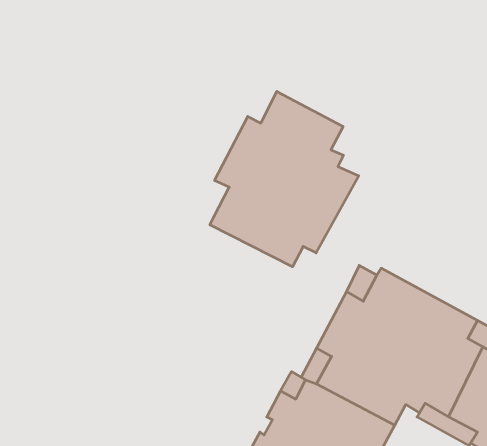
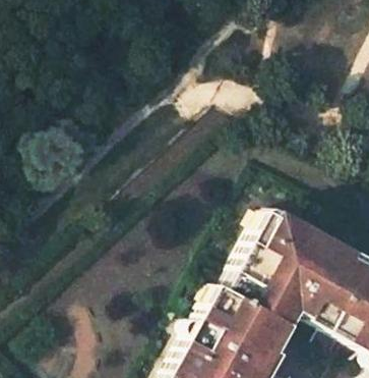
building: [210,91,359,267] -> none

